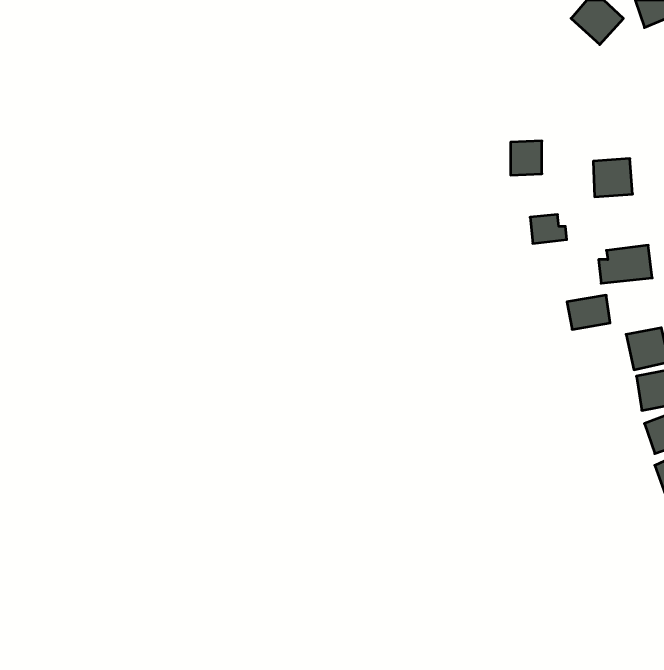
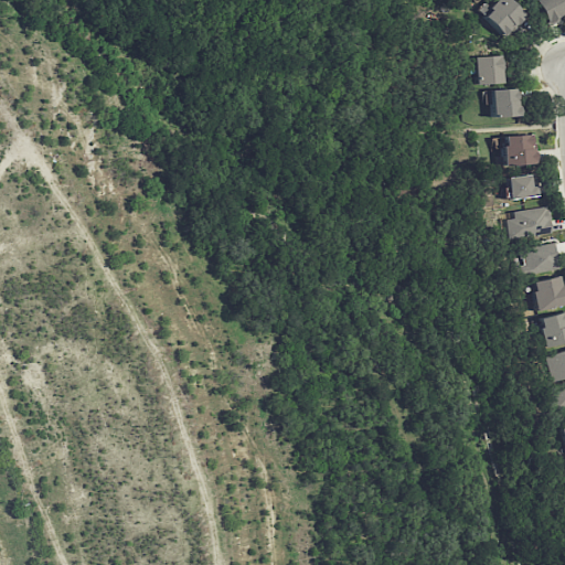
building: none -> [476,55,504,84]
building: [511,141,542,175] -> [493,88,520,117]
building: [530,215,567,243] -> [509,174,540,199]
building: [567,295,610,329] -> [523,243,559,271]

